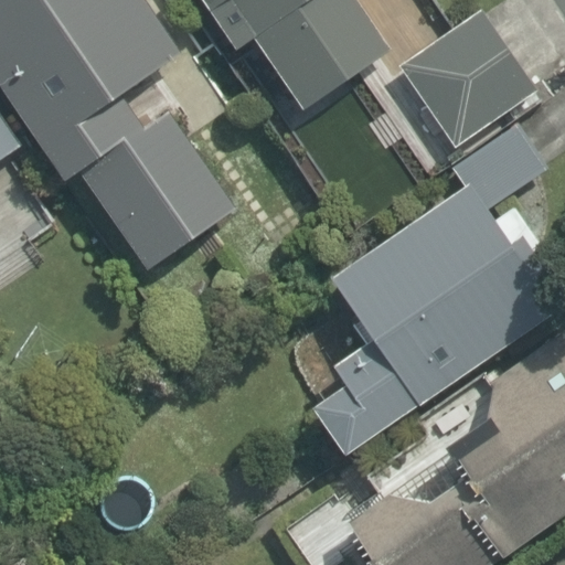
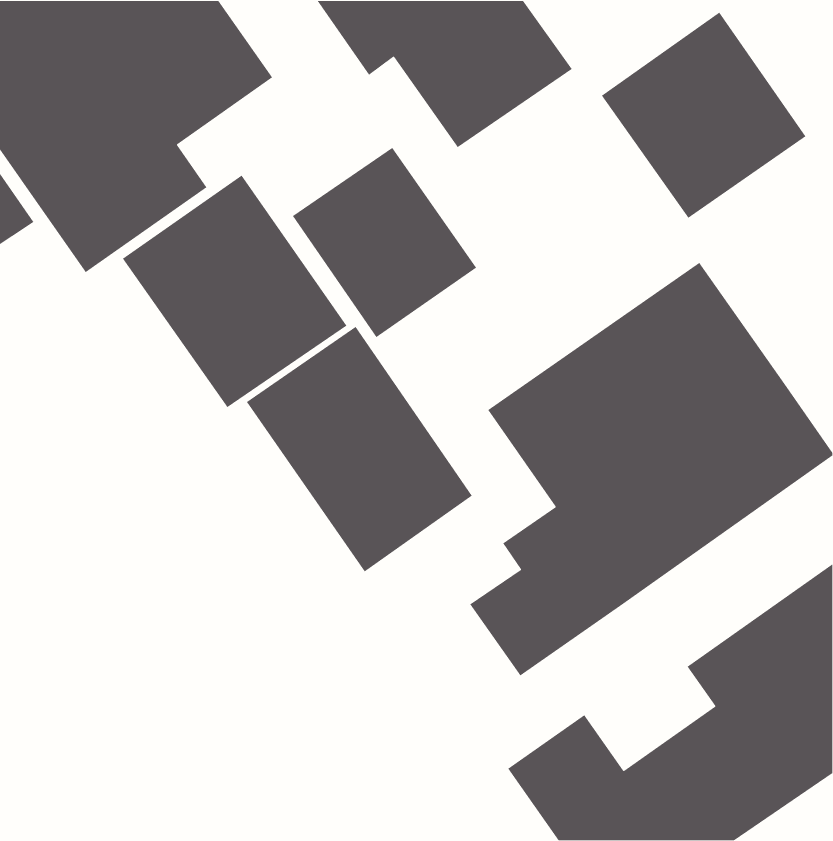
building: none -> [292,147,477,338]
building: none -> [246,326,473,573]

